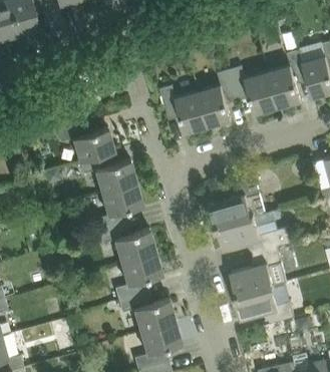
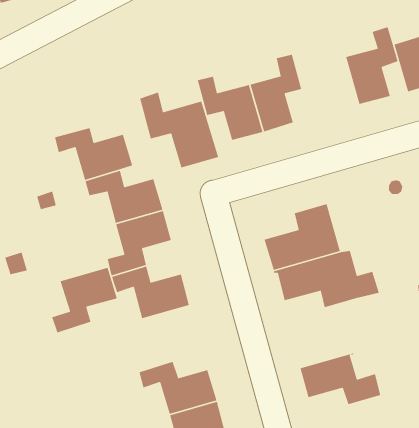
building: [230,66,278,114] -> none
building: none -> [139,92,219,168]
building: [231,248,287,298] -> none
building: [114,253,162,301] -> [51,267,118,333]

